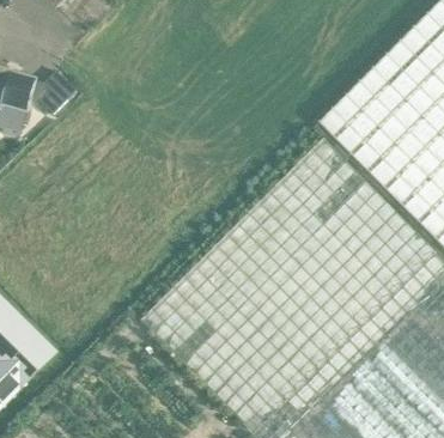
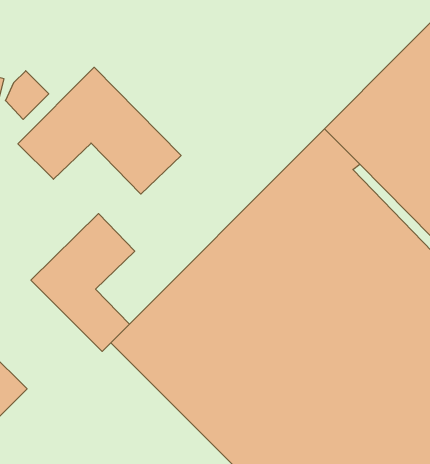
building: none -> [18,67,181,194]
building: none -> [31,214,135,351]

